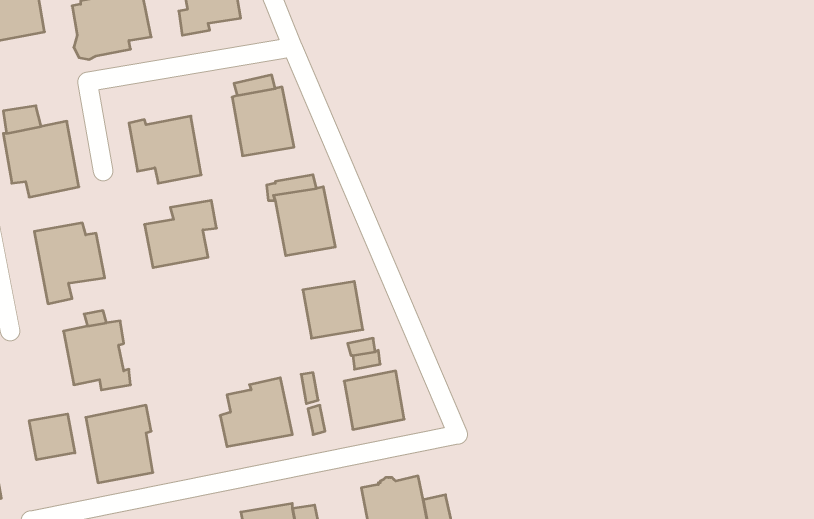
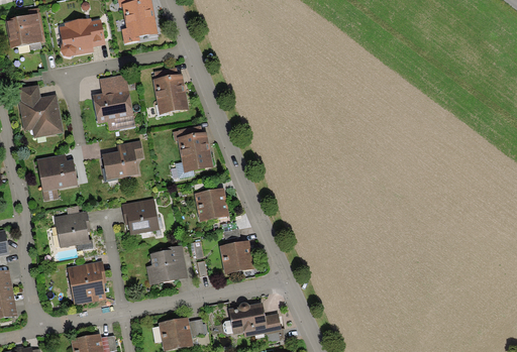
building: none -> [99,74,128,96]
building: none -> [121,198,160,235]
building: [29,414,75,460] -> none

